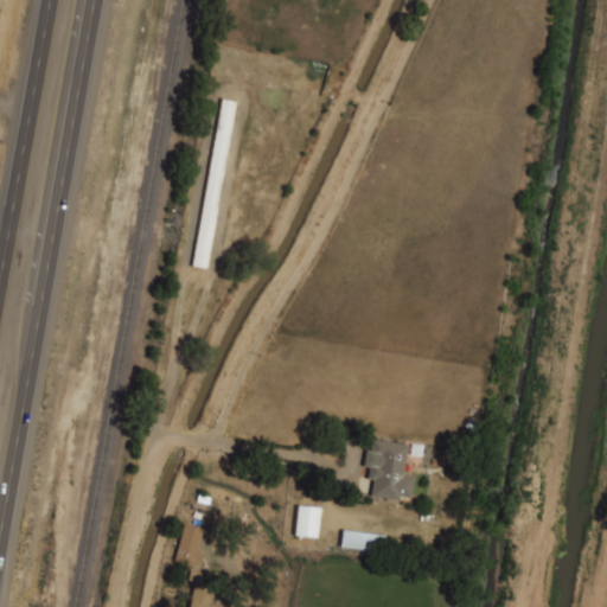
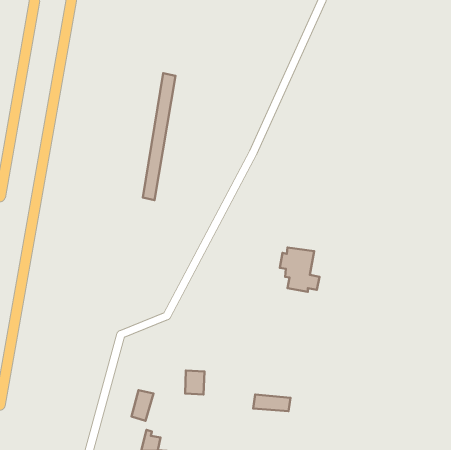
building: [363,441,416,500] -> [280,248,319,292]
building: [295,507,321,539] -> [185,371,204,394]

